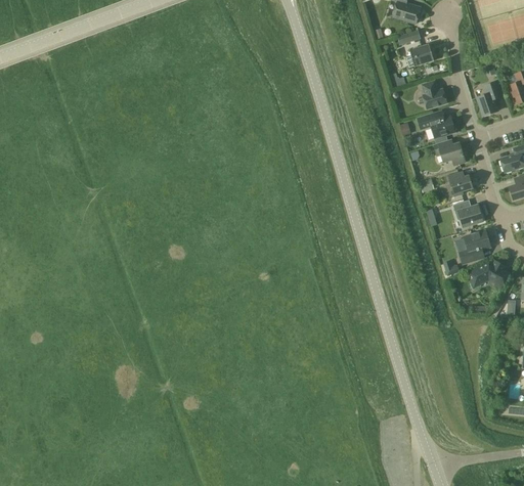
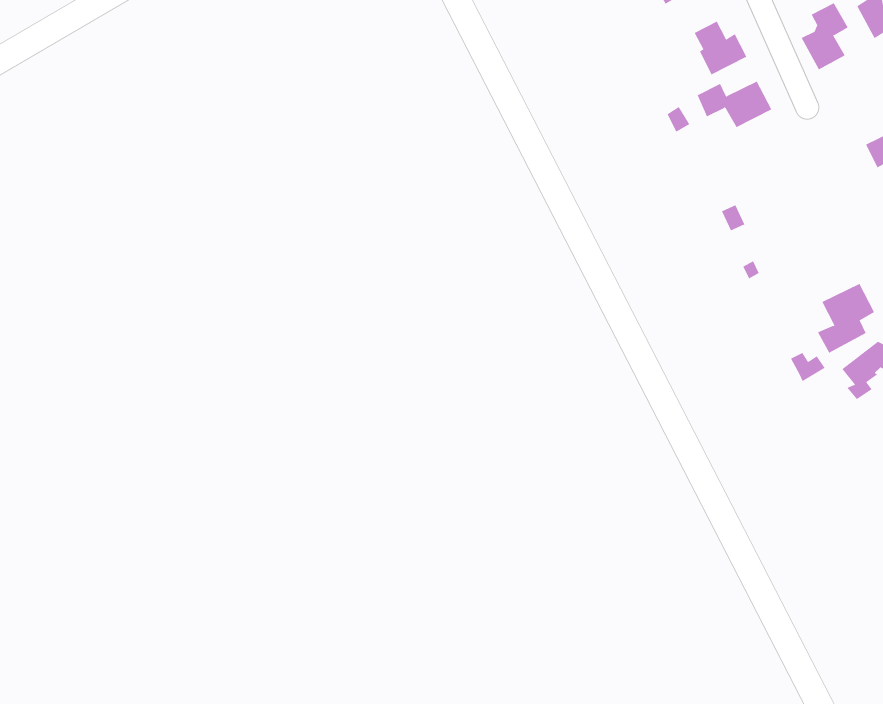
building: [434,139,465,164] -> none
building: [445,171,473,195] -> none
building: [452,200,483,226] -> none

